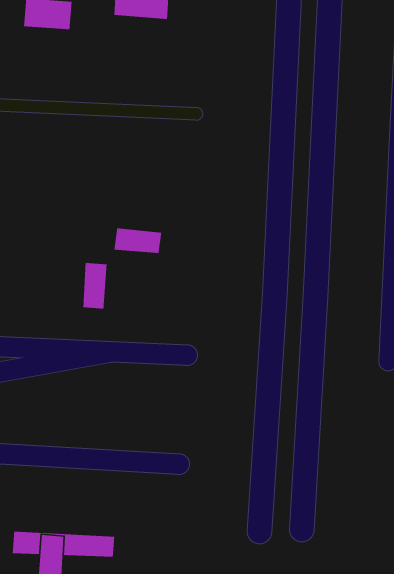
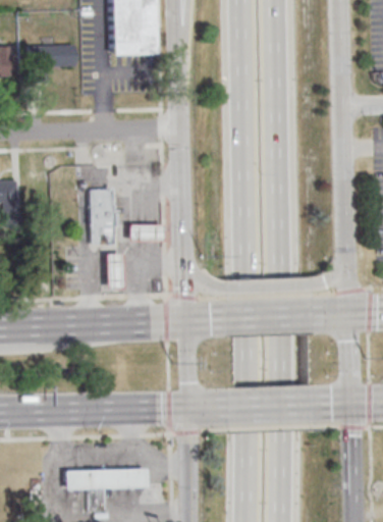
building: none -> [91,188,116,246]

